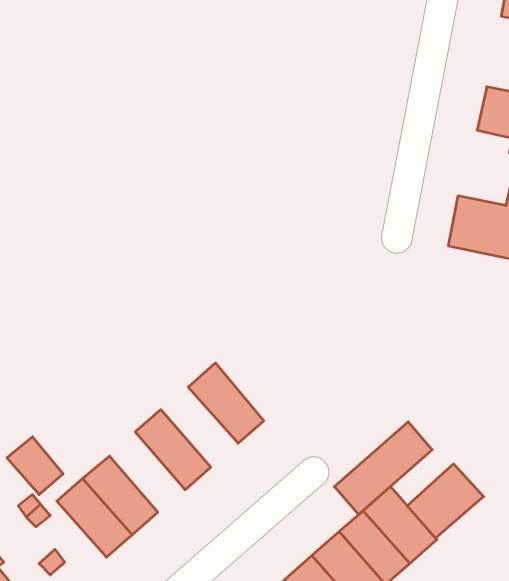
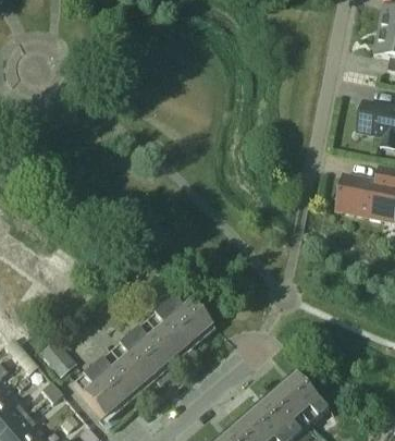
building: none -> [143,304,195,358]
building: [334,422,432,515] -> none
building: none -> [108,334,159,389]
building: [407,464,484,538] -> none

